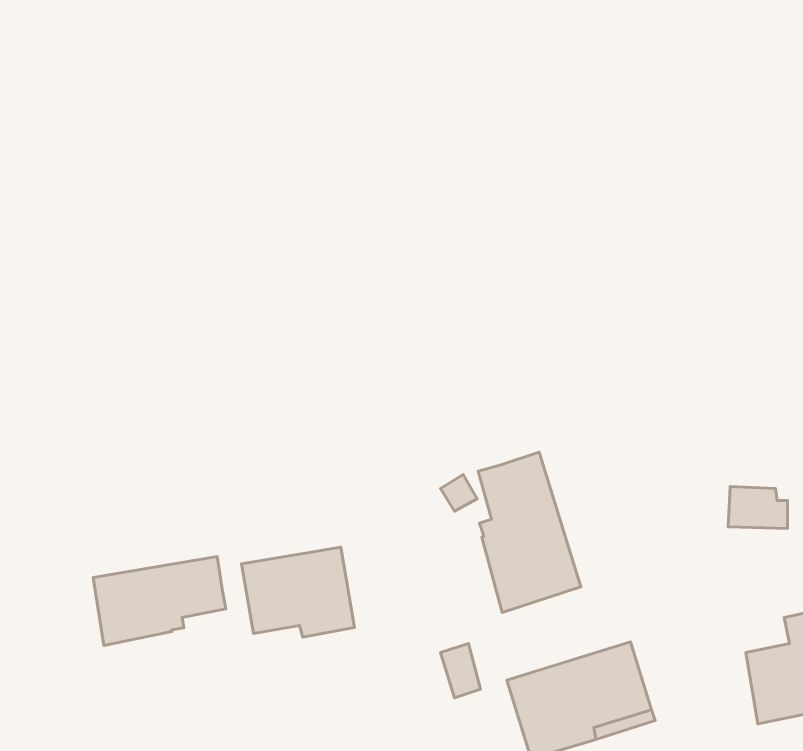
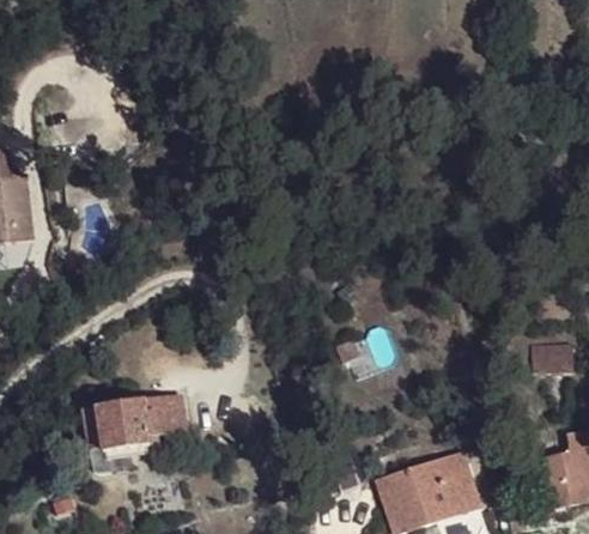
building: [478,452,581,613] -> none
building: [242,547,354,637] -> none

